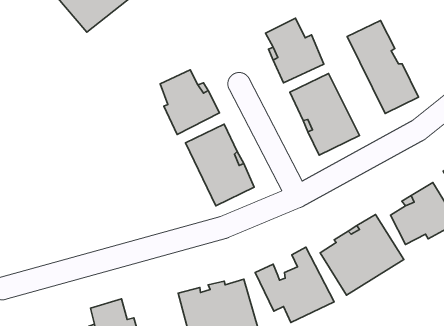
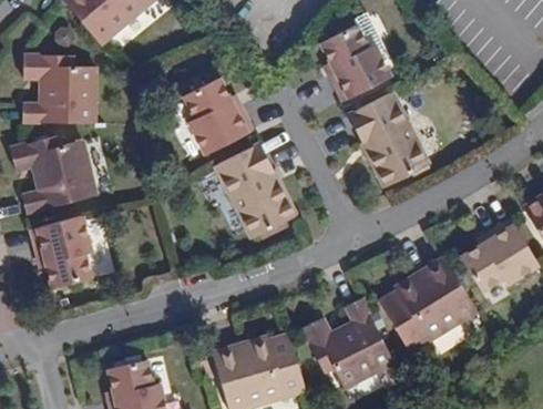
building: [347,20,419,114] -> none
building: none -> [22,51,95,120]
building: none -> [16,130,101,206]
building: none -> [32,209,92,284]

